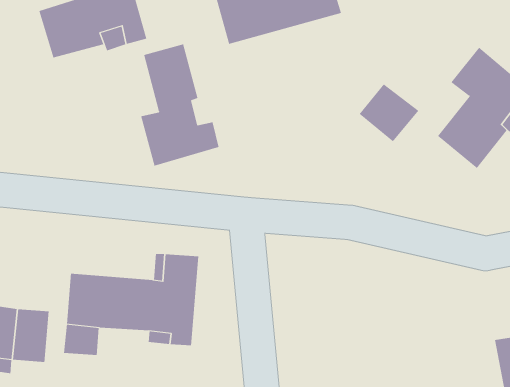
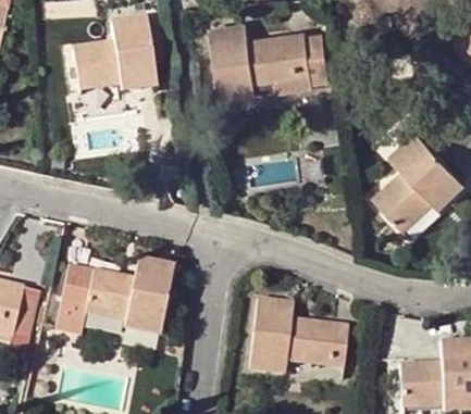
building: [141,43,219,167] -> none
building: [359,84,419,142] -> none
building: none -> [249,298,349,372]

